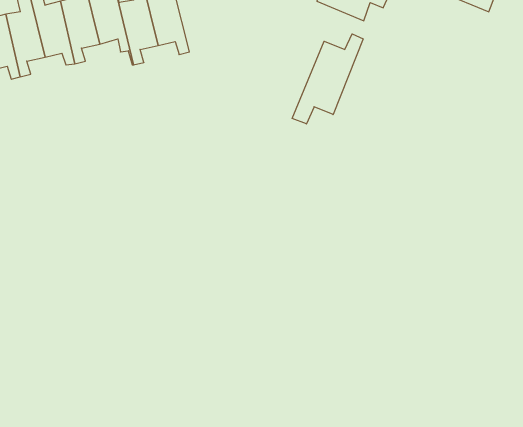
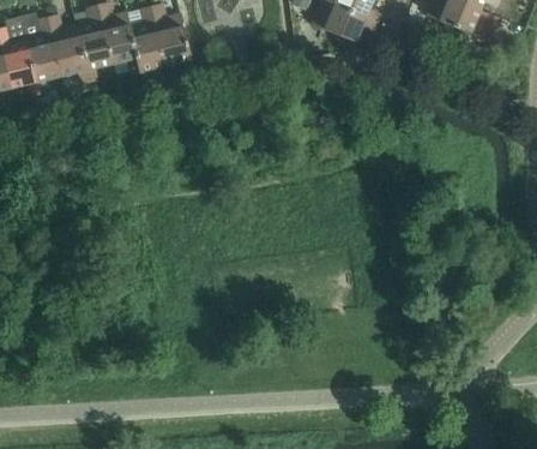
building: [292,34,363,124] -> none

